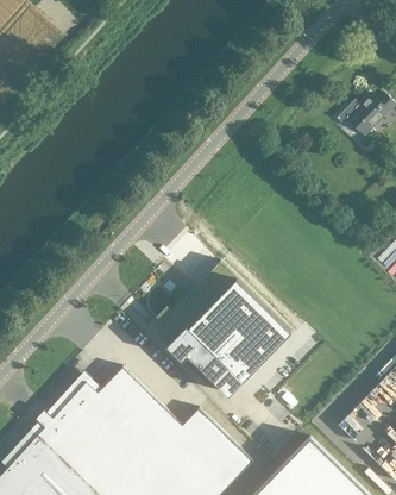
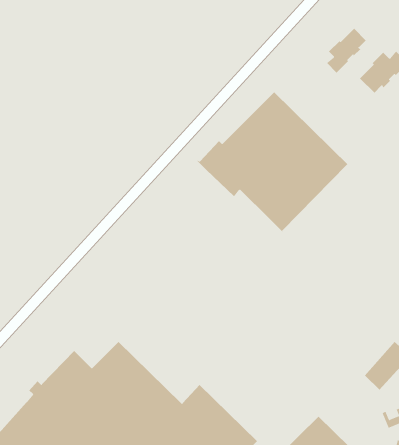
building: none -> [326,28,367,73]
building: [147,263,293,396] -> [196,92,350,233]

